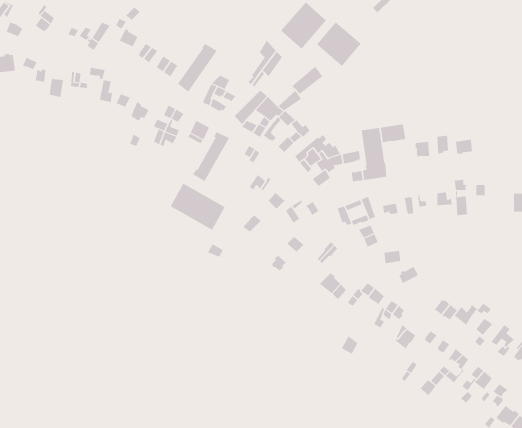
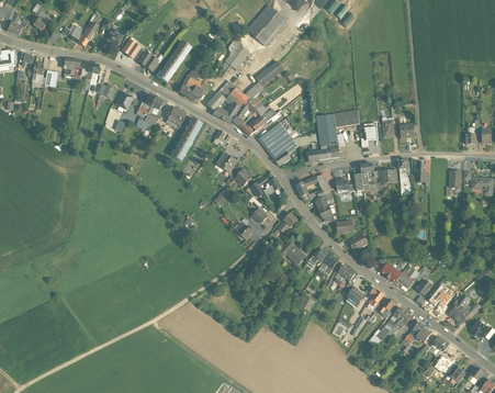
building: [316,21,361,67] -> none
building: [170,183,225,231] -> none

